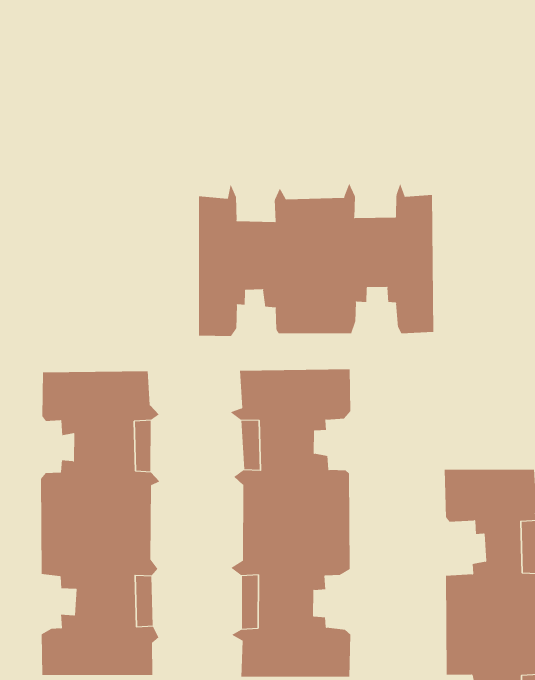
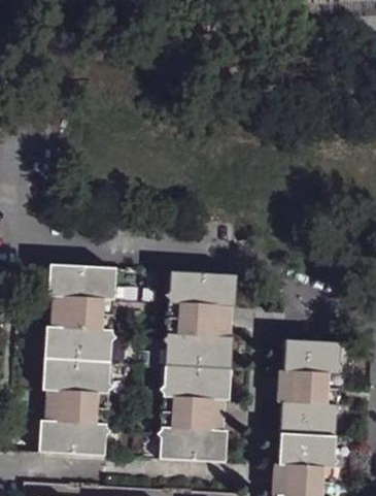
building: [199,183,434,337] -> none

